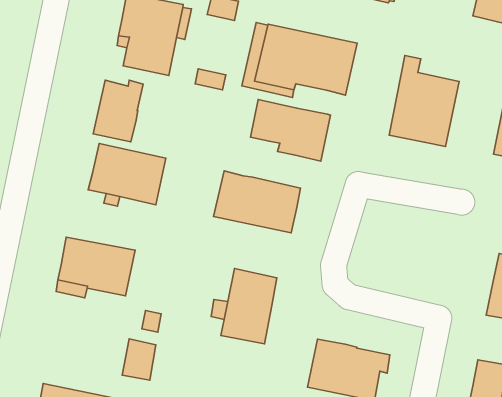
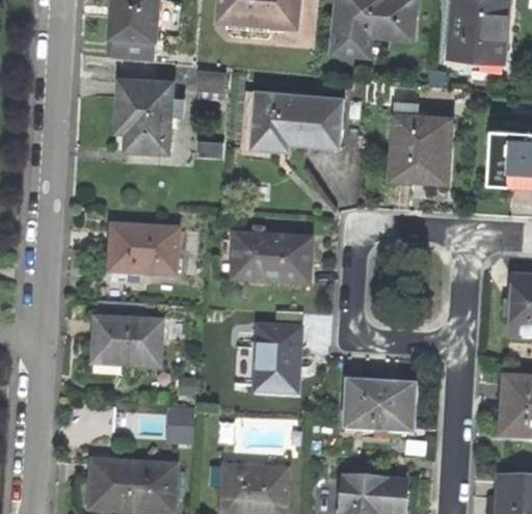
building: [93,80,143,142] -> none
building: [251,100,331,161] -> none

